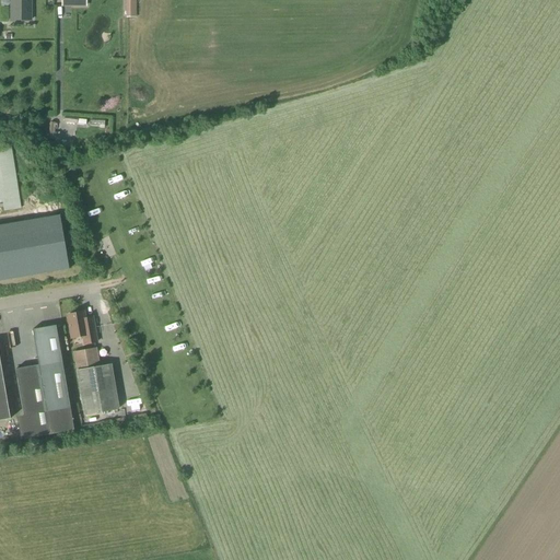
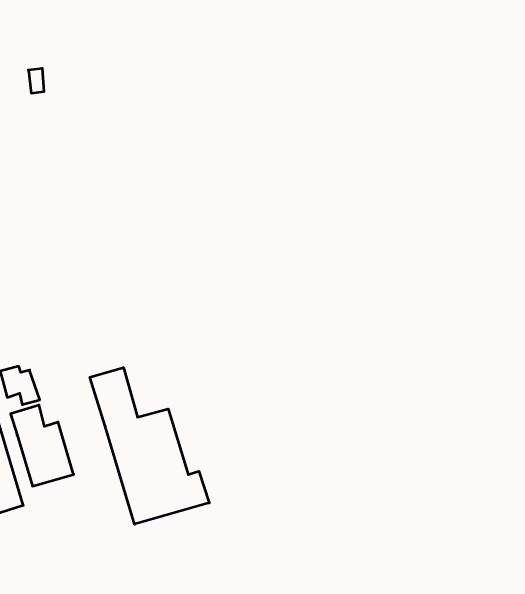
building: none -> [90,368,209,524]

